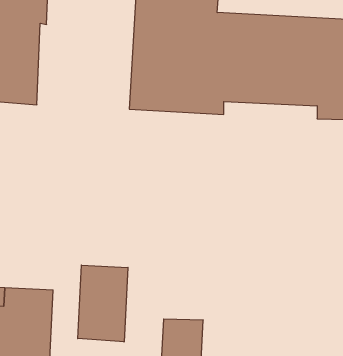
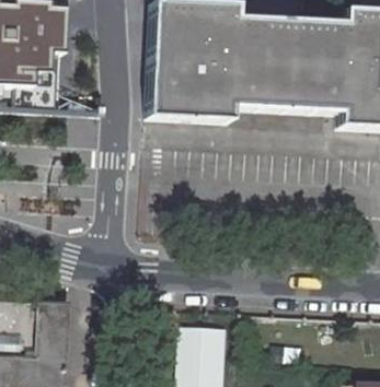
building: [78,265,128,342] -> none

